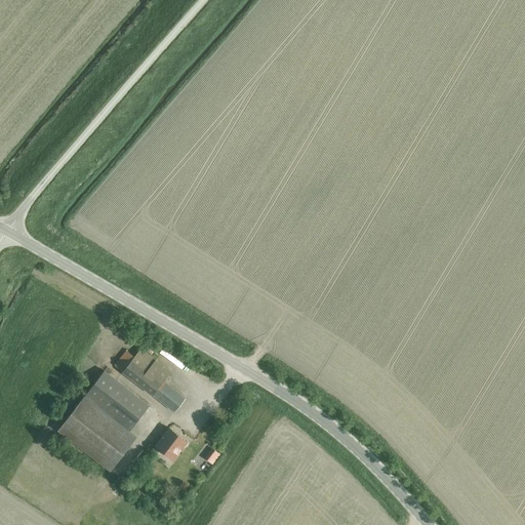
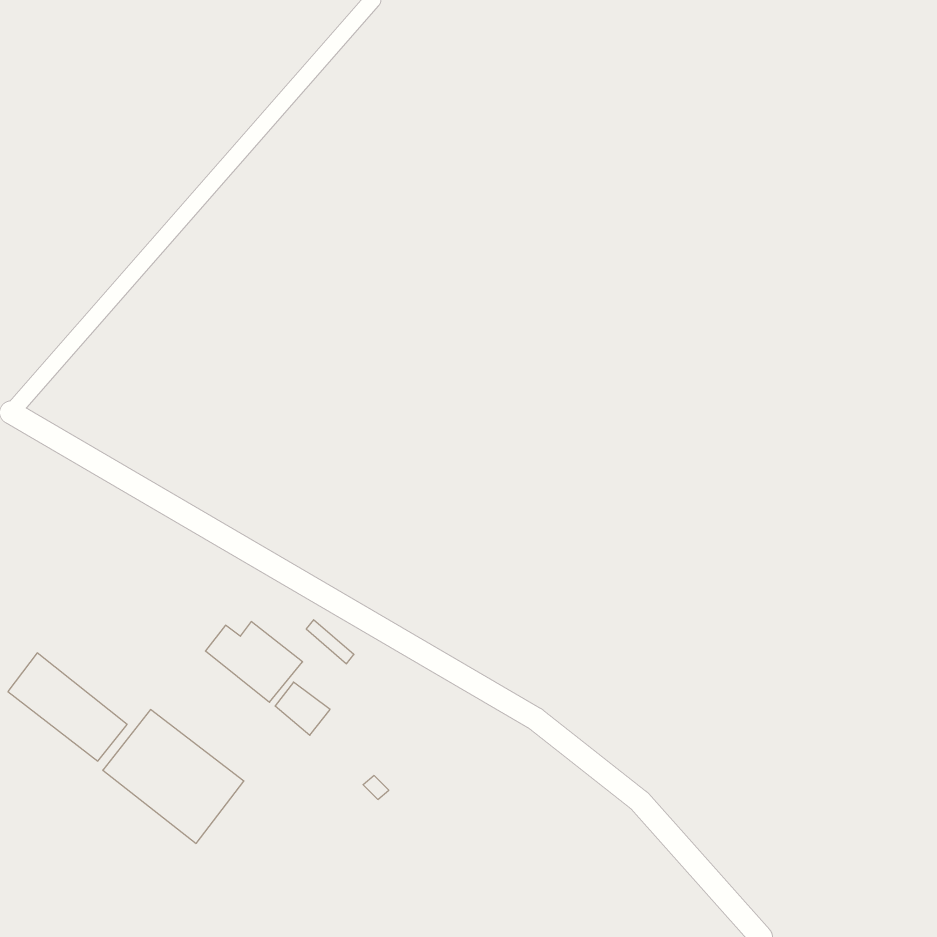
building: [88,371,155,432] -> [8,653,127,761]
building: [155,428,187,458] -> none

